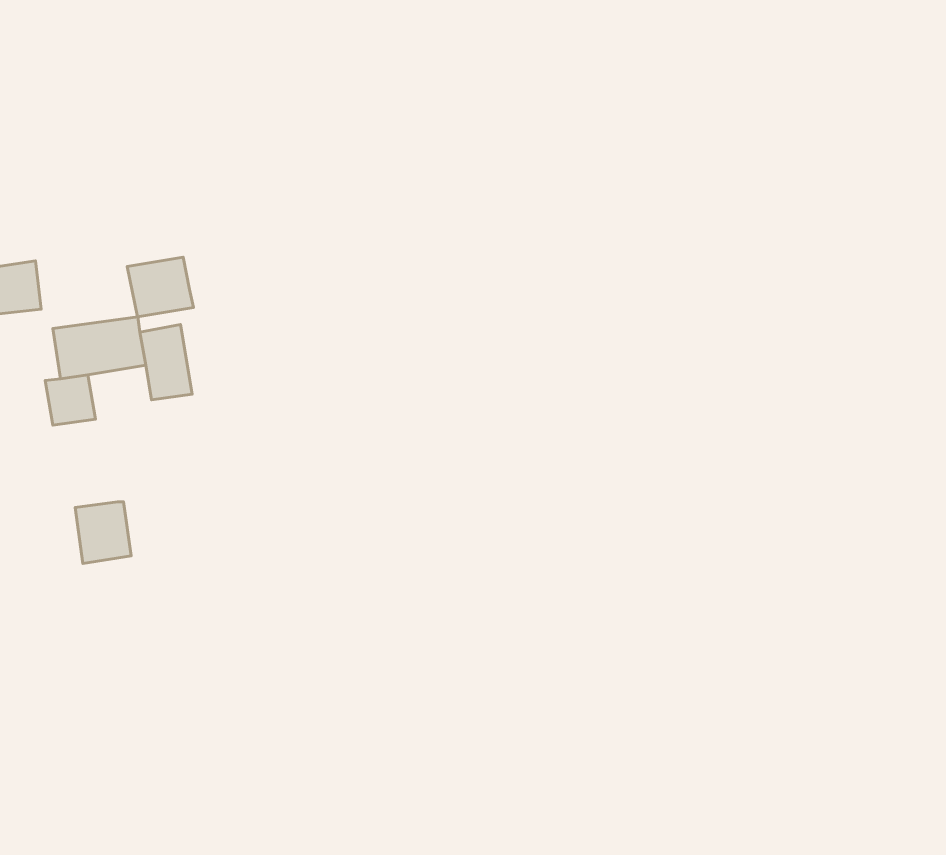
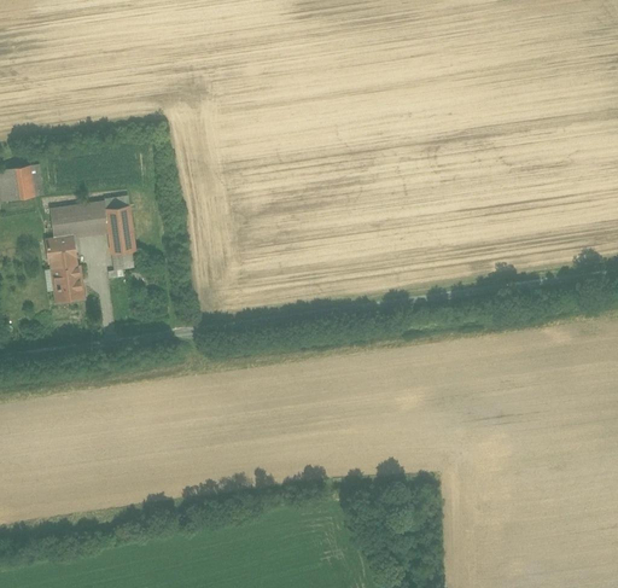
building: [127,257,193,317] -> none
building: [75,502,131,564] -> [49,266,84,304]

